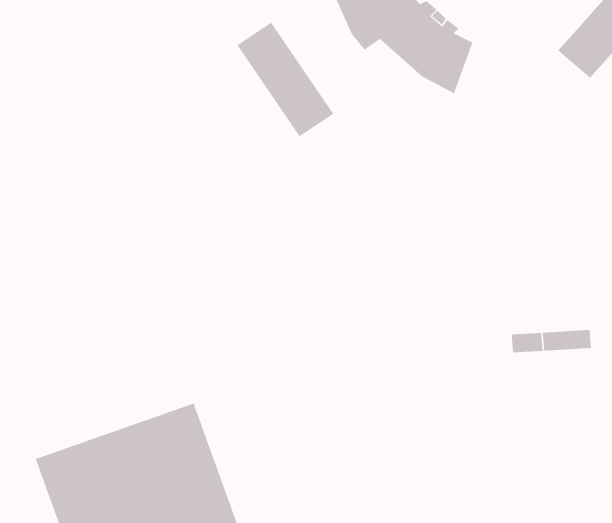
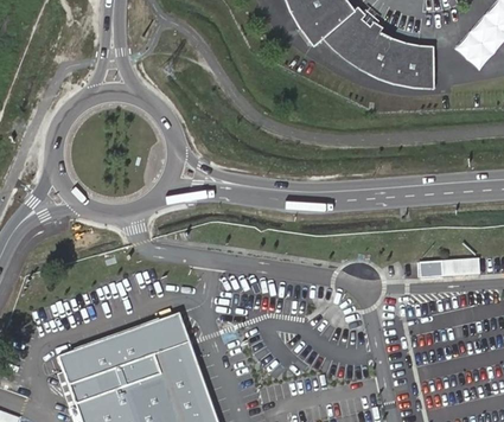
building: [236,22,334,137] -> none
building: none -> [378,40,433,90]

